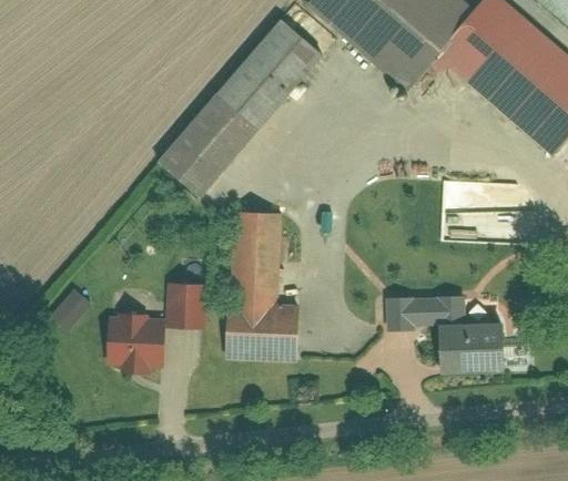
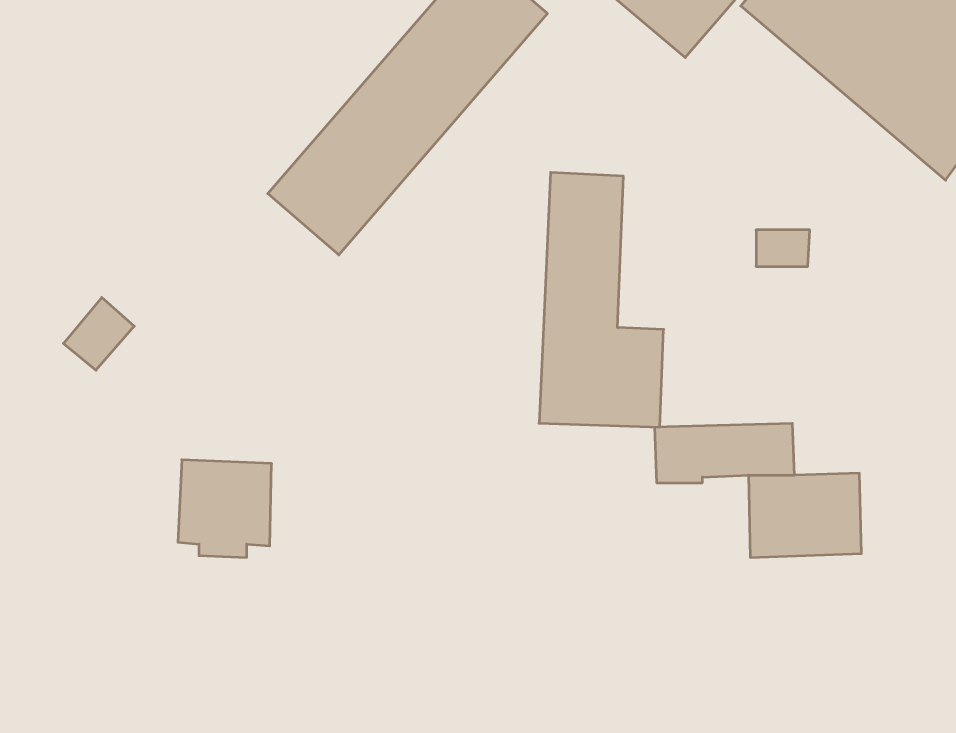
building: [226,212,298,359] -> [539,172,664,427]
building: [165,284,203,327] -> none
building: [51,287,92,329] -> [63,297,134,370]

